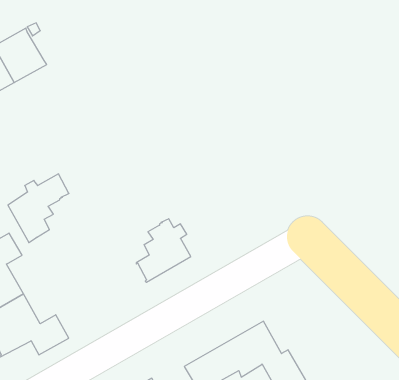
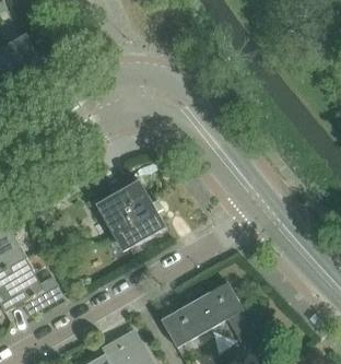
building: [8,174,69,243] -> [95,179,146,237]

